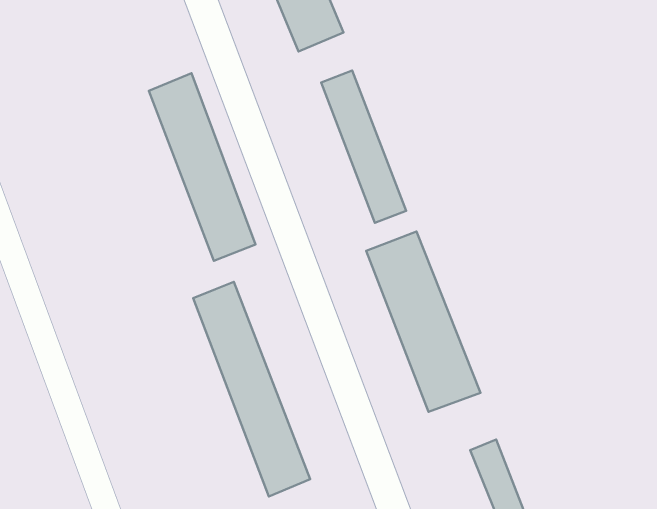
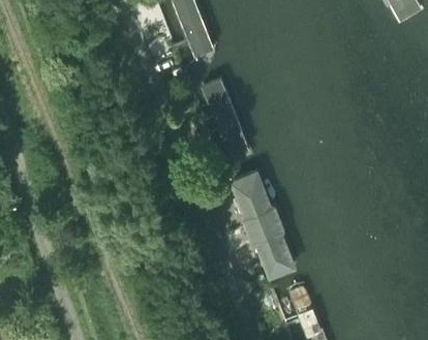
building: [149,73,256,261] -> none
building: [193,282,310,497] -> none

